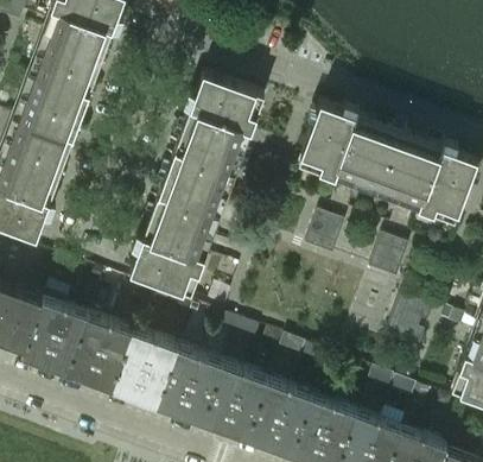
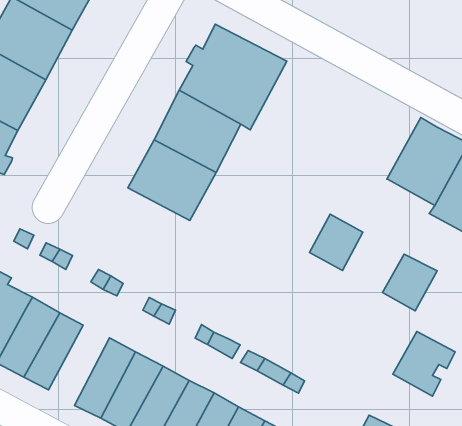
building: [297,109,377,192] -> none
building: [129,221,211,302] -> none
building: [110,335,153,401] -> none

